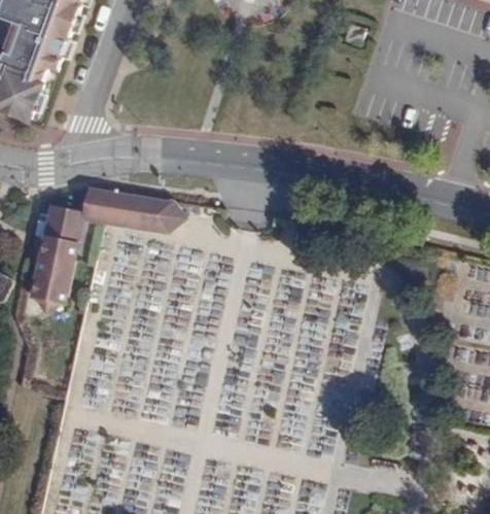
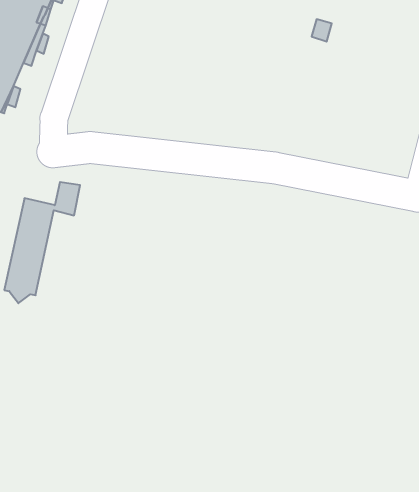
building: [100,191,184,232] -> none

